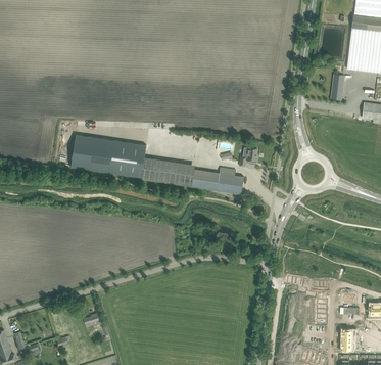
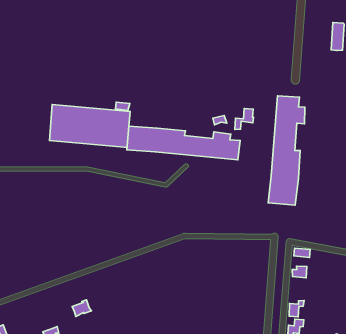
building: none -> [268,96,305,205]

